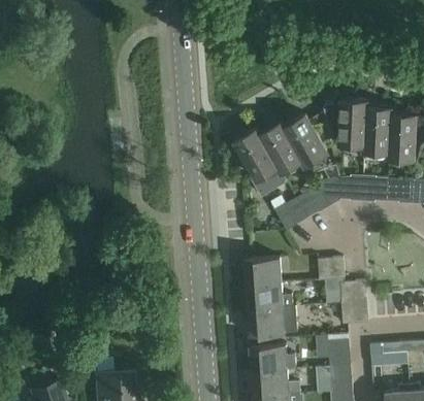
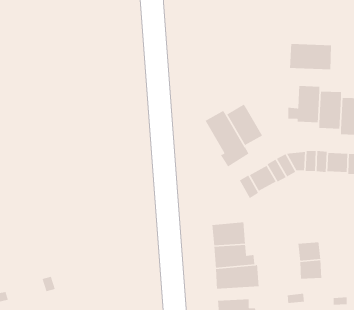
building: none -> [289,43,333,70]
building: [284,115,327,165] -> none
building: [318,258,345,280] -> none

